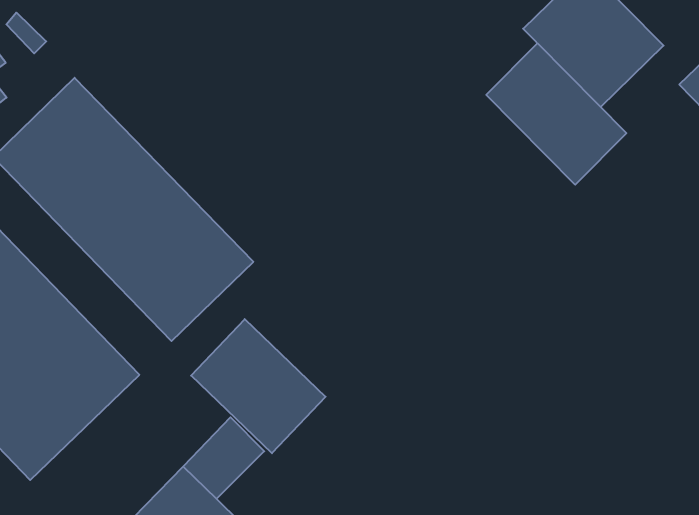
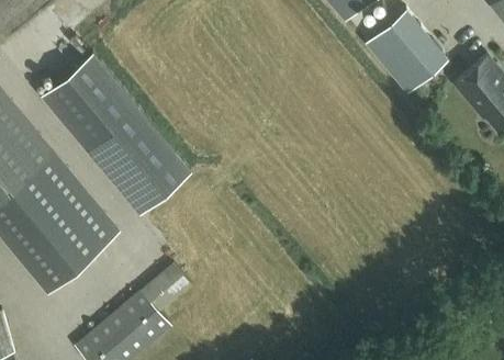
building: [486,43,626,185] -> none
building: [191,319,326,453] -> none

